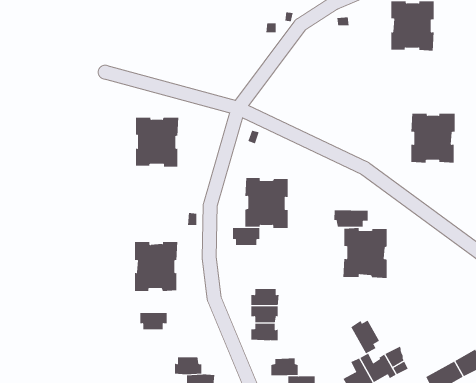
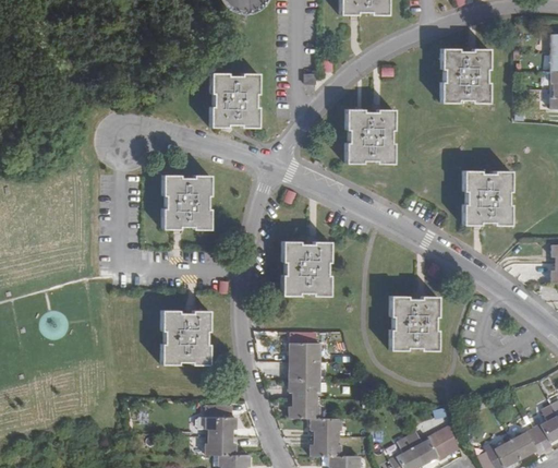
building: none -> [211,73,258,127]
building: none -> [347,109,393,163]
building: [334,210,368,228] -> none
building: [232,227,260,246] -> [290,341,320,361]
building: [139,313,167,330] -> [206,417,236,435]
building: [350,320,380,354] -> none
building: none -> [311,418,341,437]

